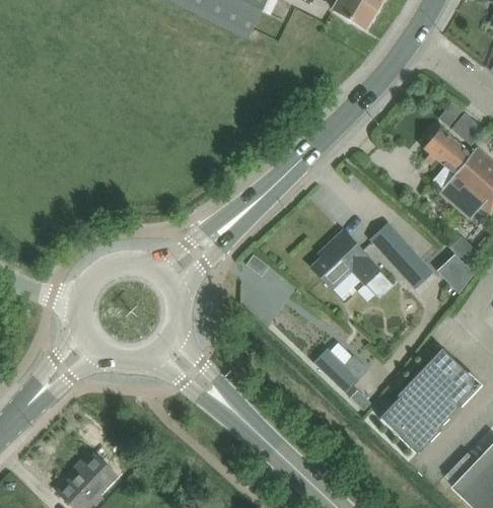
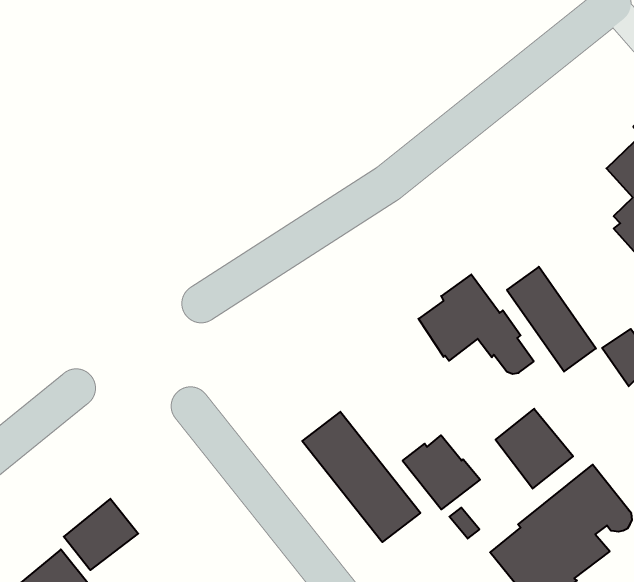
building: none -> [496,409,573,489]
building: none -> [302,412,420,542]
building: none -> [64,499,138,570]

